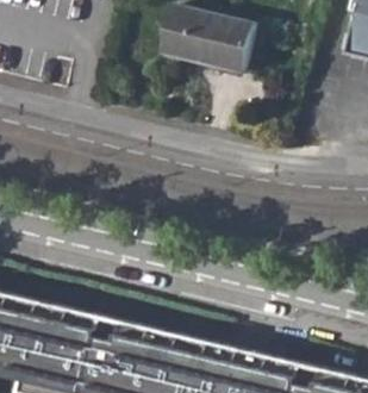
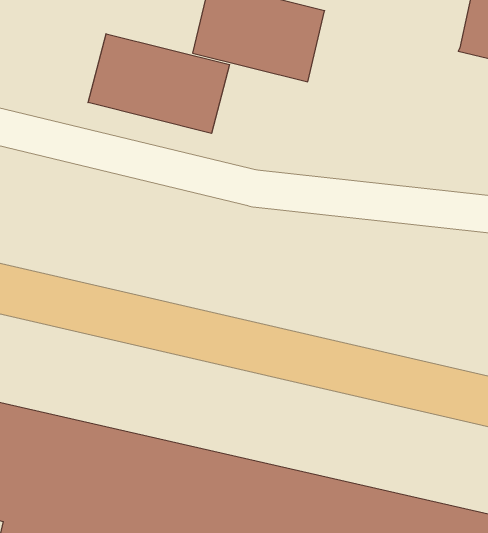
building: none -> [88,34,230,133]

